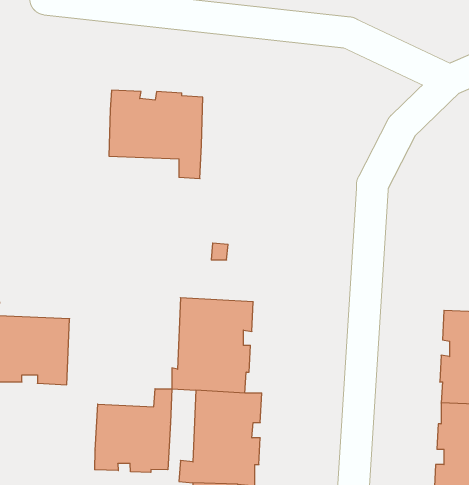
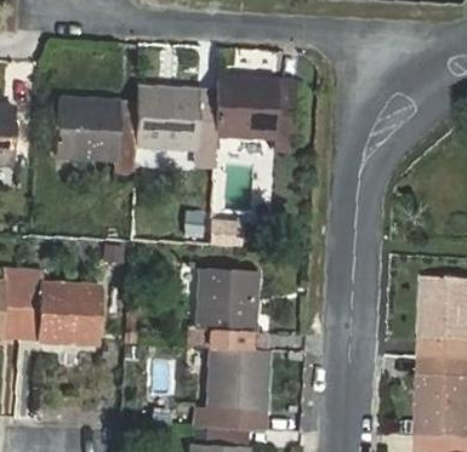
building: none -> [215,75,296,150]
building: none -> [55,98,136,168]
building: [95,389,172,472] -> none

